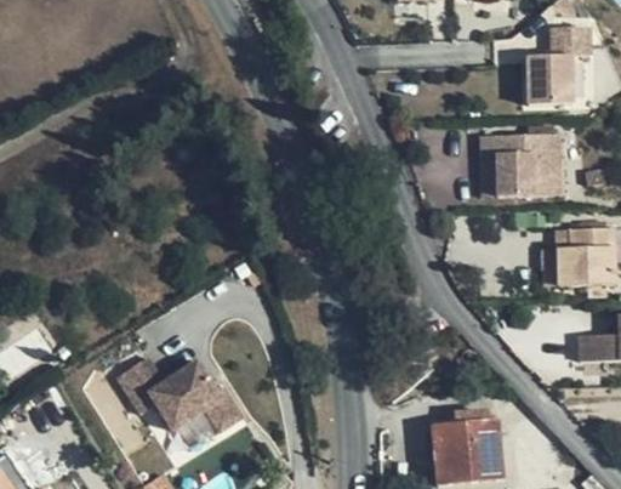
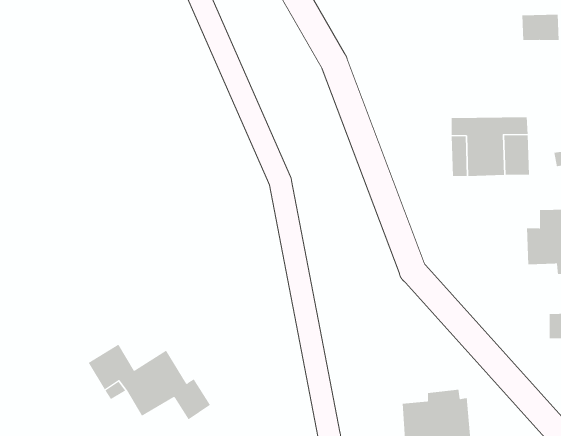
building: [529,55,572,101] -> none

